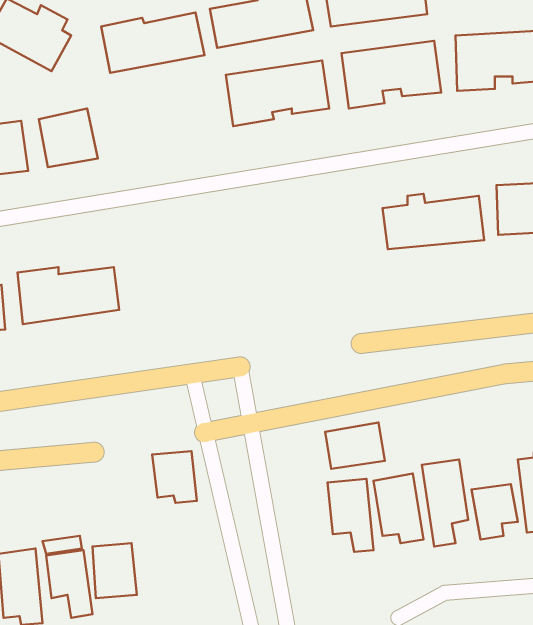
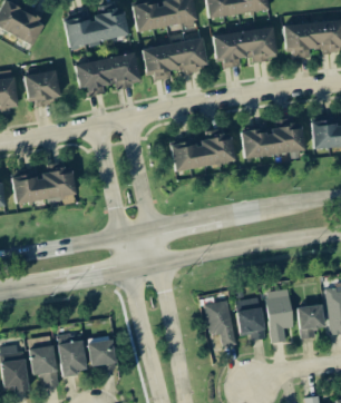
building: none -> [76,53,140,96]
building: none -> [170,135,235,170]
building: [325,422,385,469] -> none
building: [152,451,197,503] -> [88,337,116,370]

